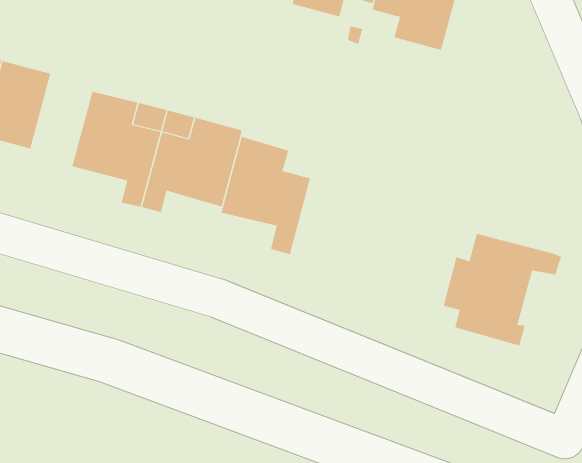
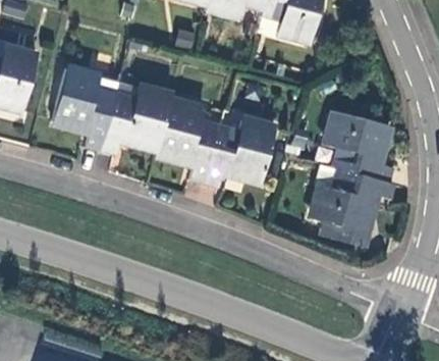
building: none -> [327,111,396,184]
building: none -> [207,120,277,188]

